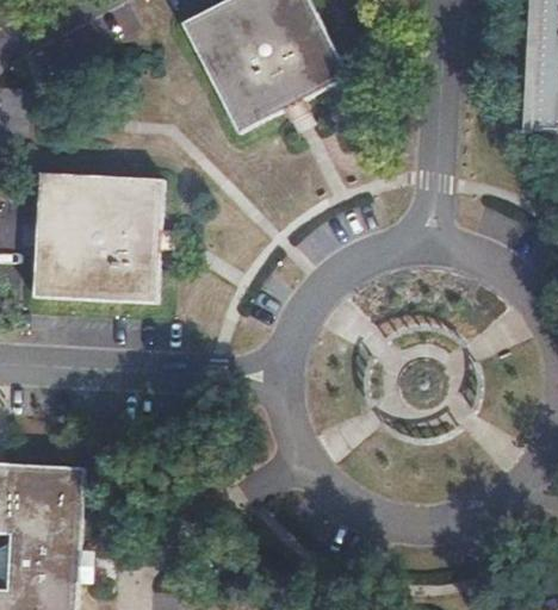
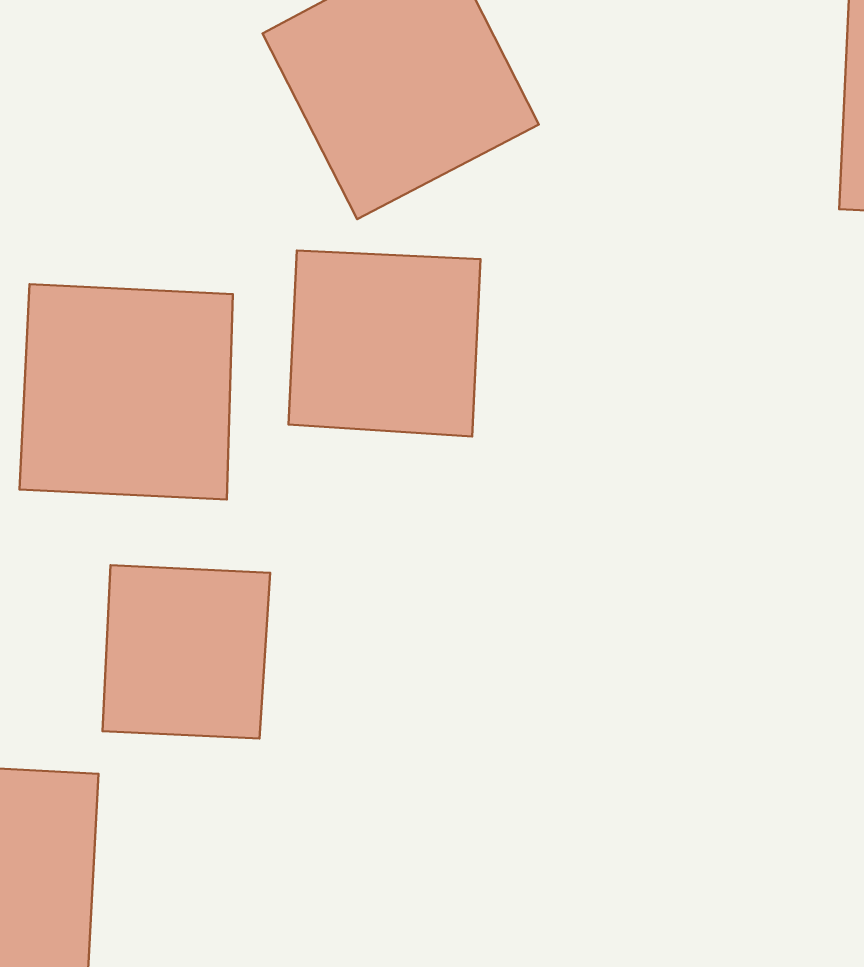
building: none -> [289,251,481,437]
building: none -> [103,565,270,738]

